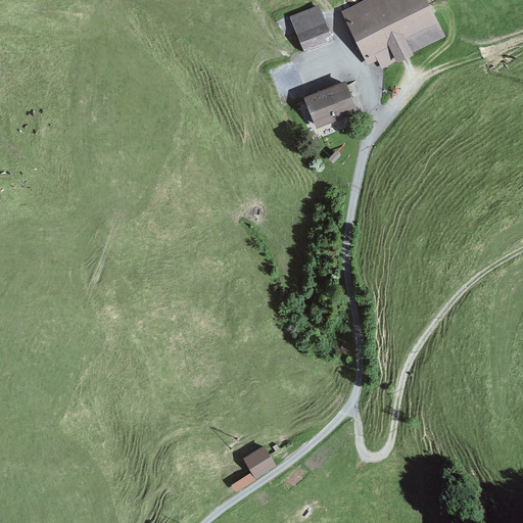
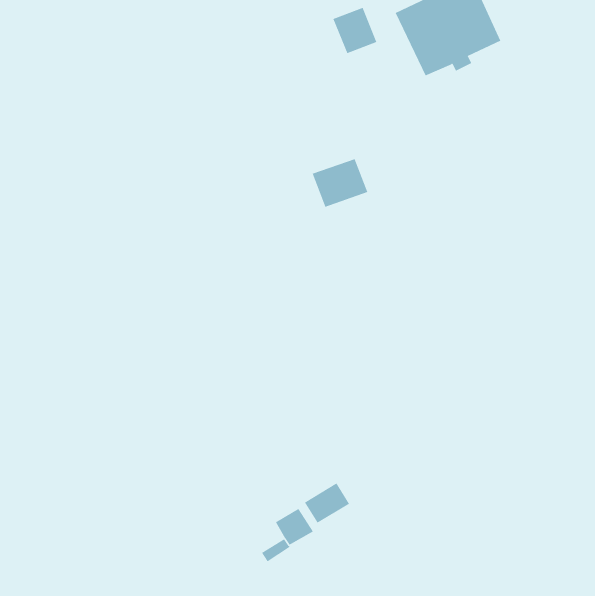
building: [305,83,354,126] -> [312,158,368,208]
building: none -> [304,483,350,524]

